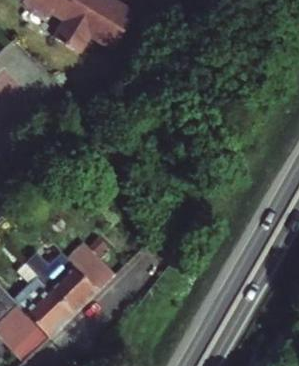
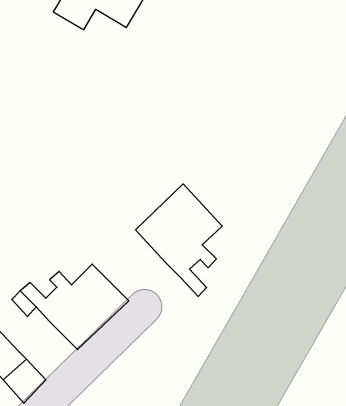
building: none -> [136,184,222,296]
building: [25,289,73,337] -> none

